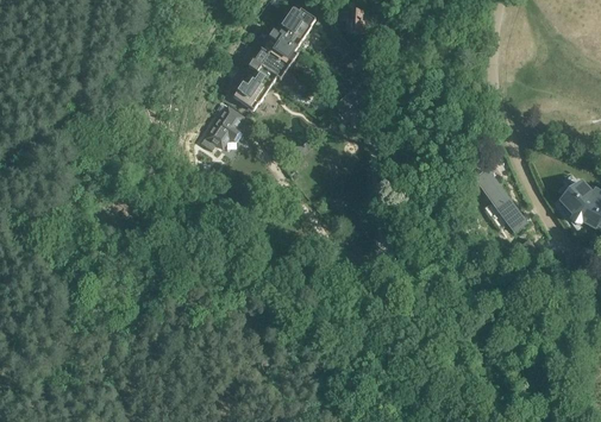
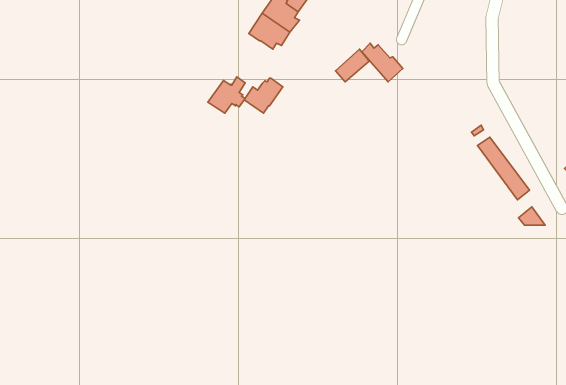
building: [233,74,271,108] -> [244,78,283,113]
building: none -> [362,43,403,82]

